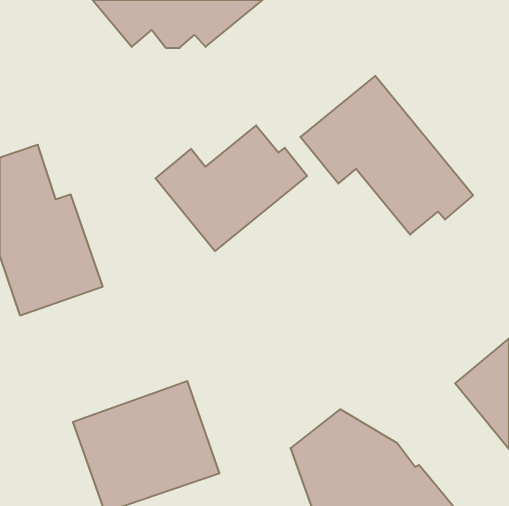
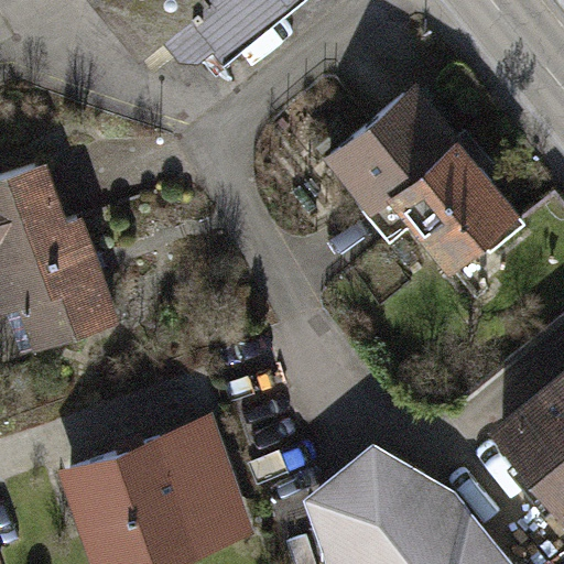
building: [155,125,307,251] -> none

